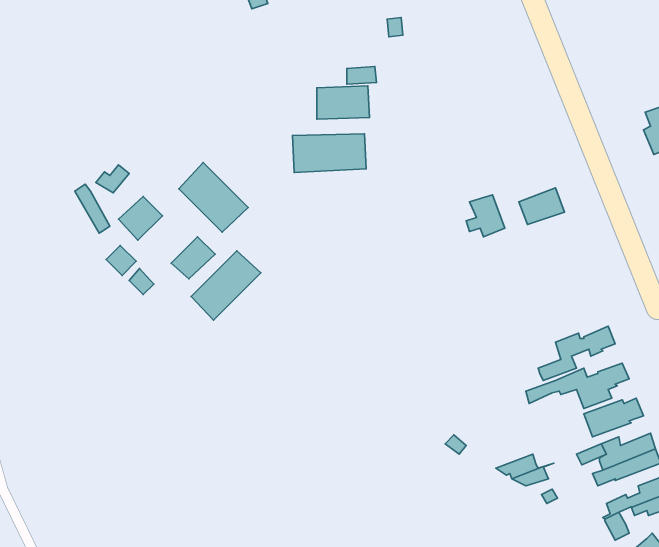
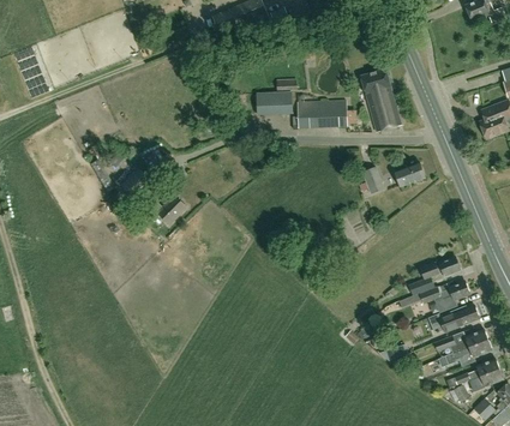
building: none -> [361,67,402,131]
building: [293,134,366,172] -> [298,101,348,127]
building: [179,163,248,232] -> none
building: [191,251,261,320] -> none

